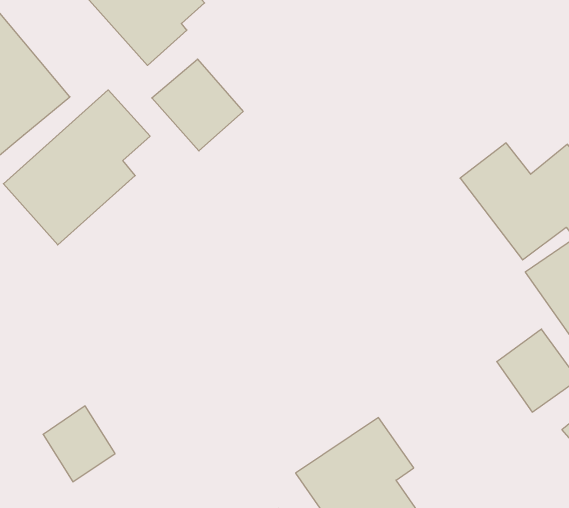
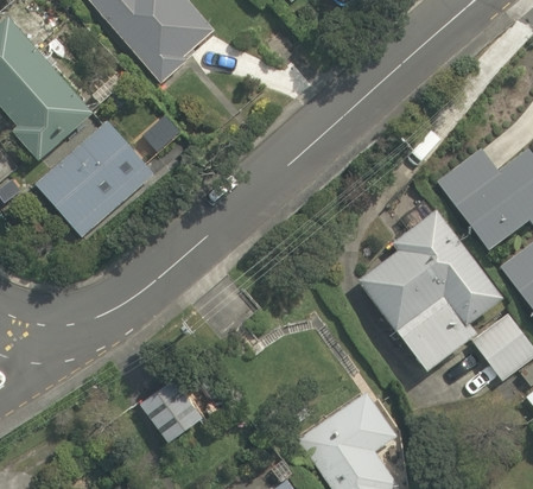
building: [152,59,243,151] -> none
building: none -> [361,209,491,366]
building: [43,406,115,482] -> [139,377,202,444]

